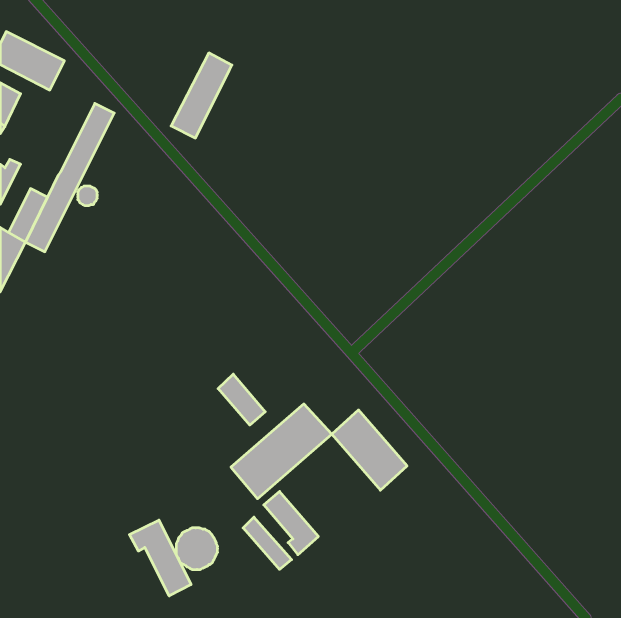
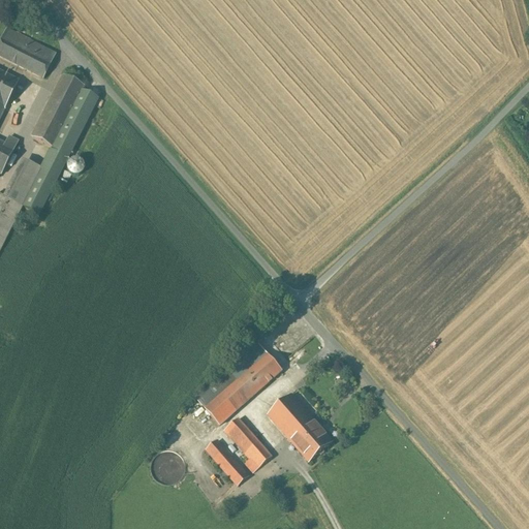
building: [171,53,232,138] -> [31,73,83,146]
building: [218,374,265,425] -> none
building: [332,410,407,490] -> [268,393,332,461]
building: [129,520,191,596] -> none

